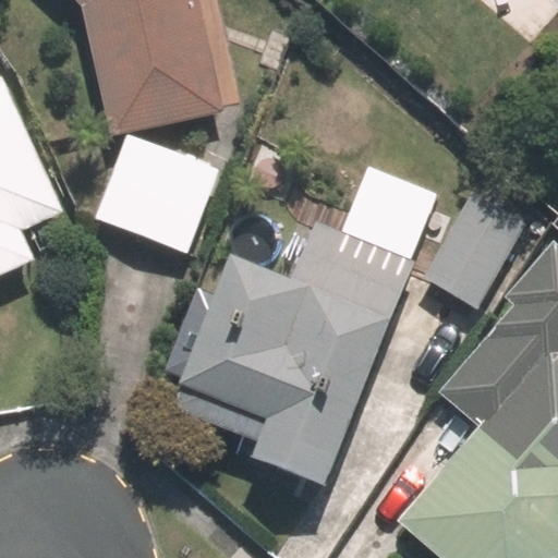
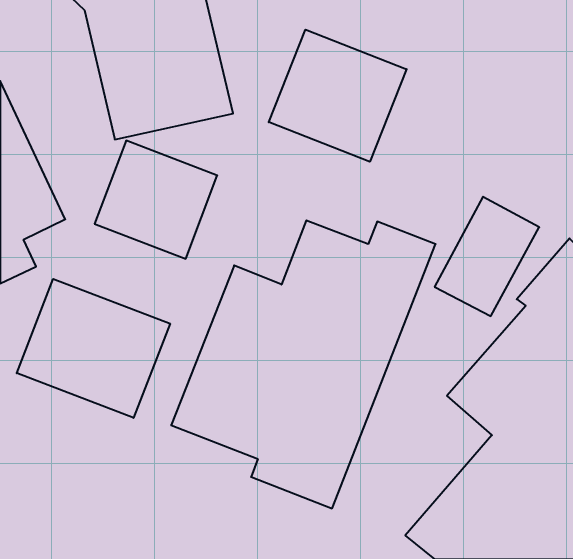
building: none -> [269,30,407,162]
building: none -> [17,279,170,418]

